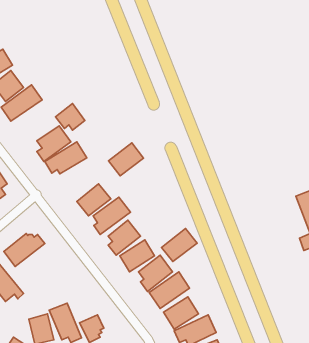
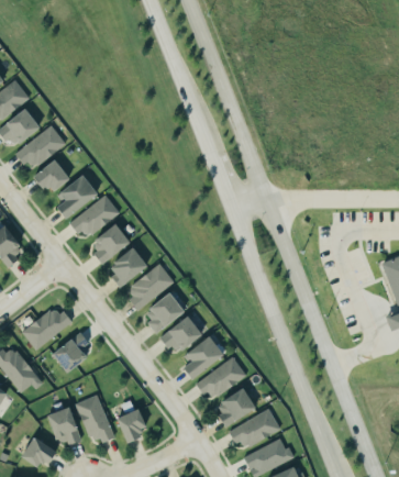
building: [55,103,85,130] -> [35,159,71,192]
building: [109,143,143,176] -> [89,224,132,265]
building: [162,228,197,262] -> none
building: none -> [53,334,88,371]

